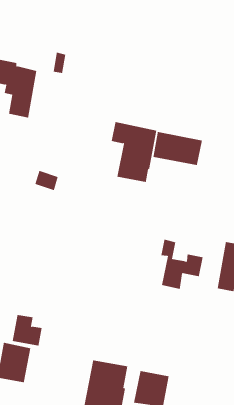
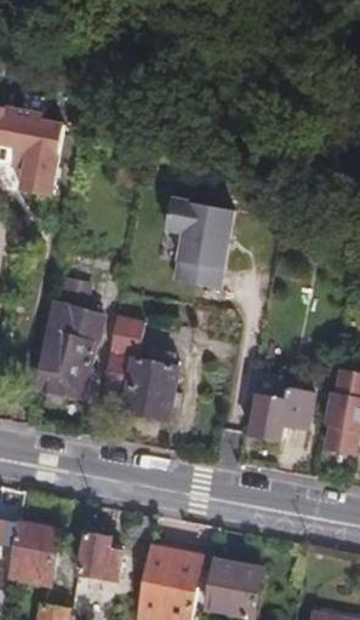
building: [153,131,203,166] -> none
building: none -> [35,303,99,395]
building: none -> [95,316,176,418]
building: [12,315,43,346] -> [76,534,121,580]

